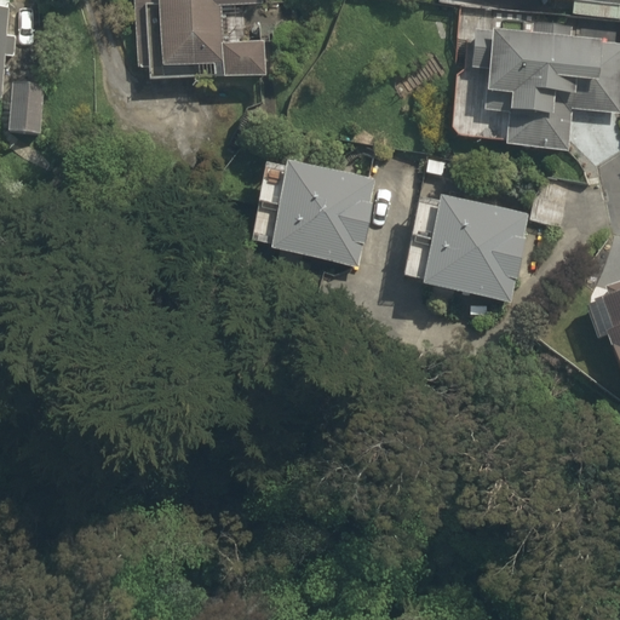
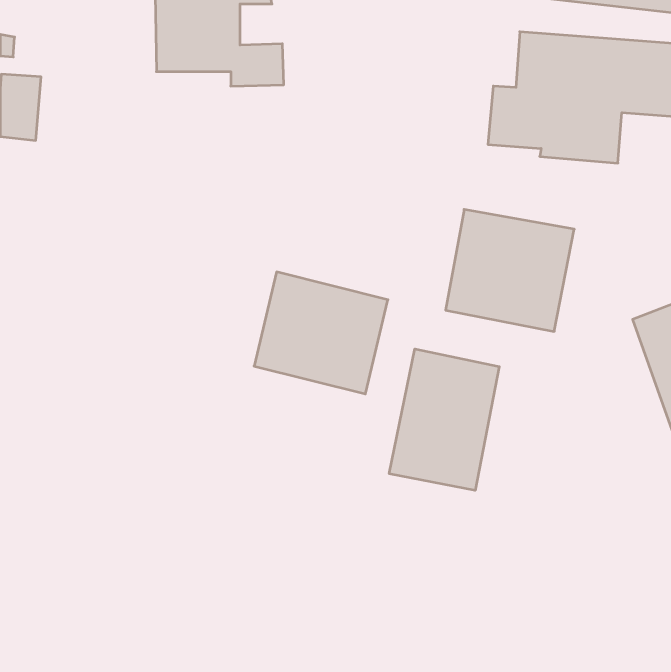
building: [256,154,378,265] -> [254,272,388,394]
building: none -> [389,349,499,490]

